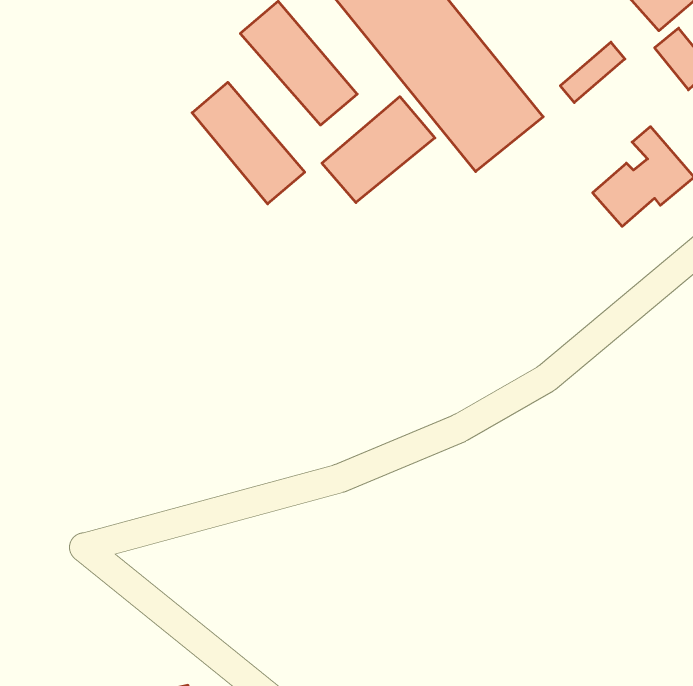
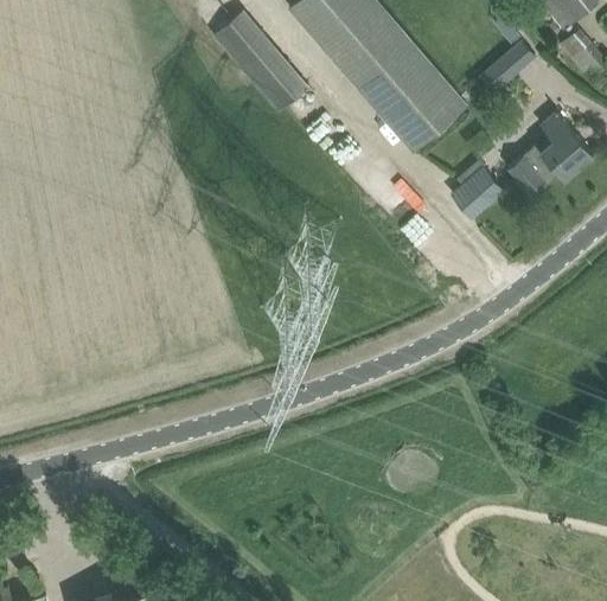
building: [192,82,305,204] -> none
building: [322,97,435,203] -> none
building: none -> [451,167,501,217]

